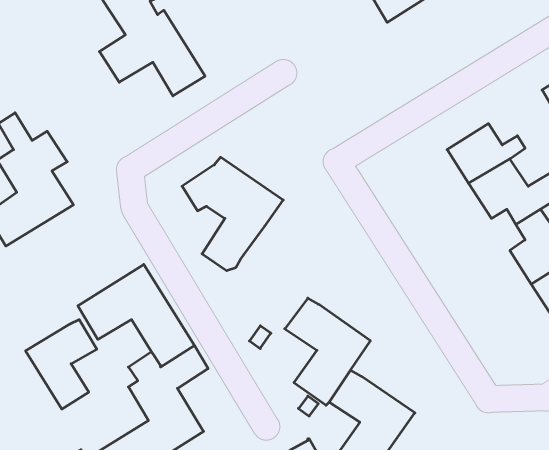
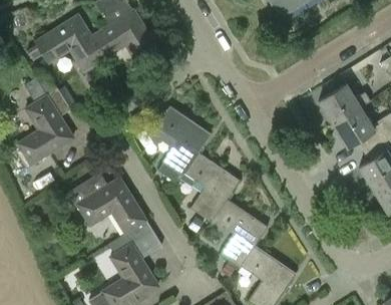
building: none -> [34,15,107,92]
building: none -> [182,151,240,222]
building: [26,320,97,409] -> none

